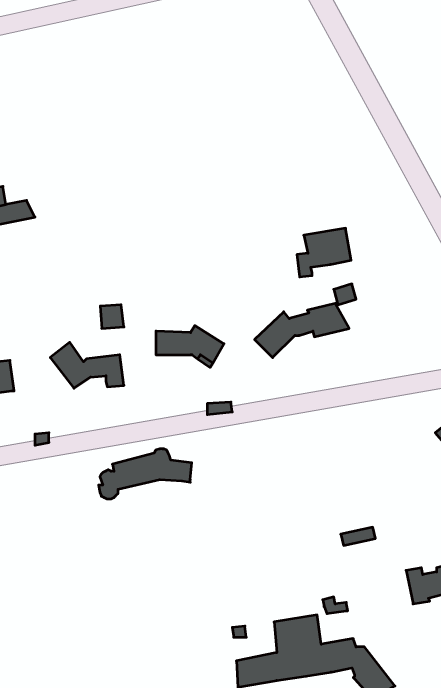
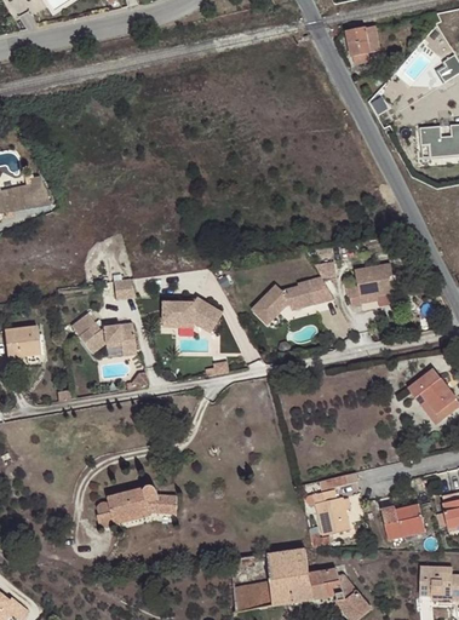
building: none -> [346,25,379,64]
building: [297,228,351,277] -> [348,264,395,306]
building: [99,449,192,499] -> [97,483,178,527]
building: none -> [308,489,350,534]

